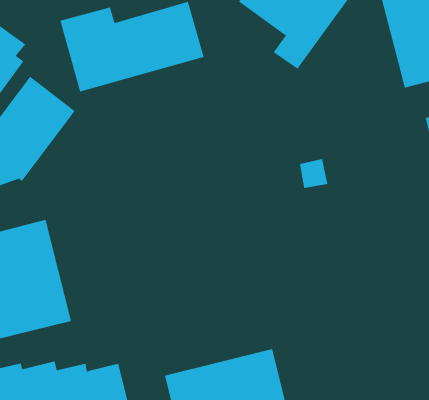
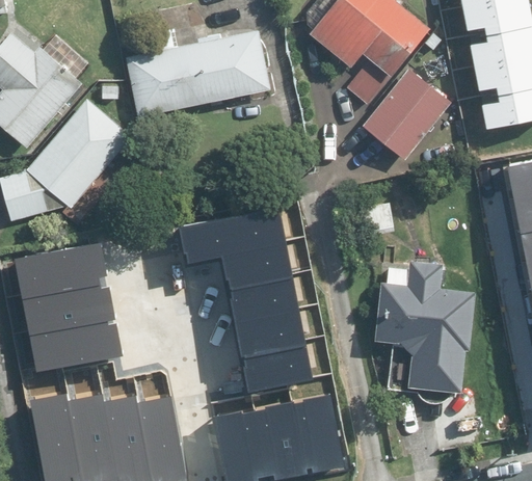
building: none -> [369,68,455,157]
building: none -> [177,211,309,395]
building: none -> [380,260,477,390]

